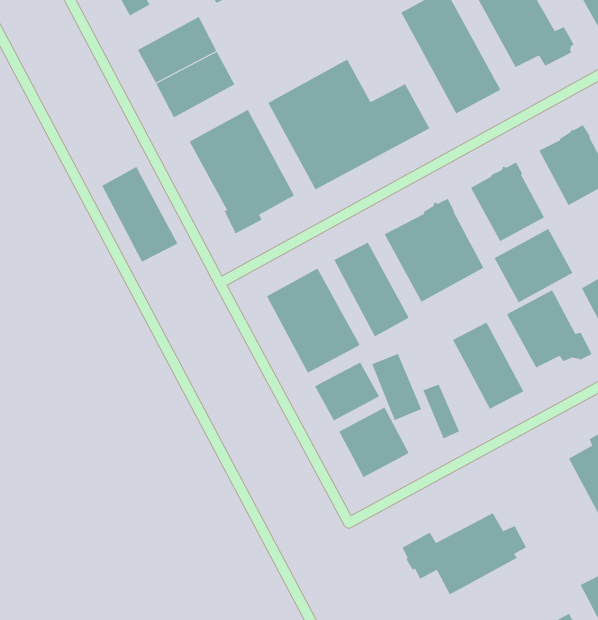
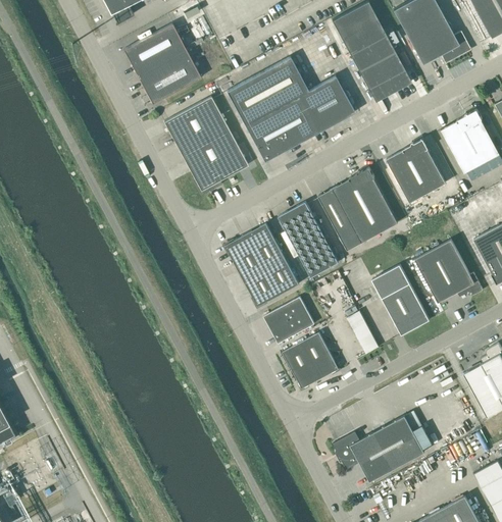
building: [101,166,178,262] -> none
building: [494,228,573,303] -> none
building: [372,353,422,421] -> none

